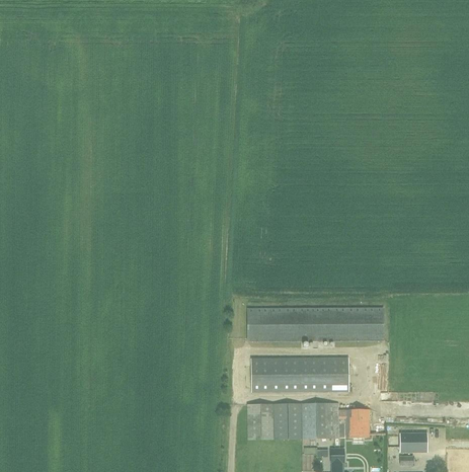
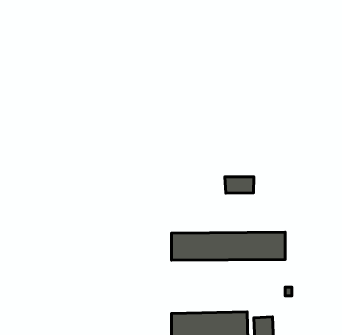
building: none -> [225,177,254,193]
building: [250,358,348,392] -> none

